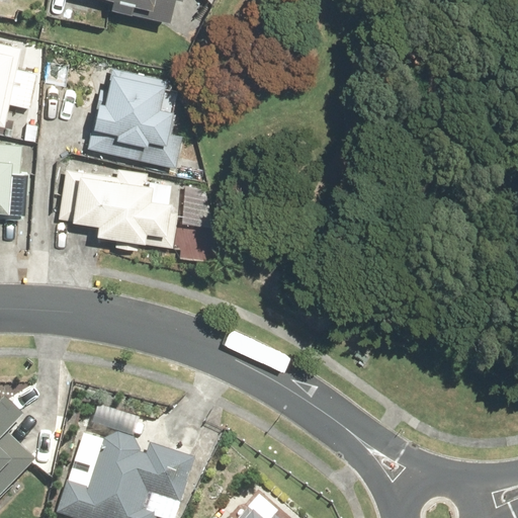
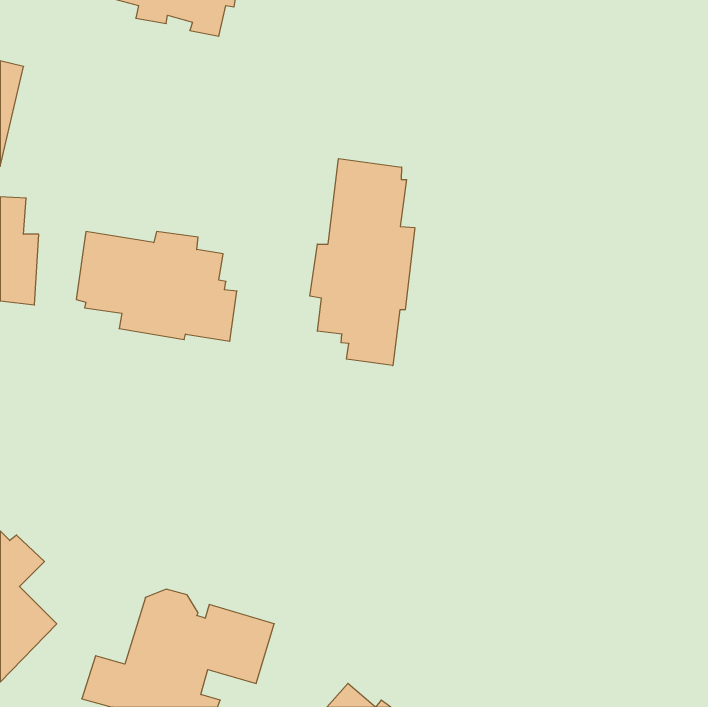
building: [83,67,178,170] -> none
building: none -> [310,159,415,366]

